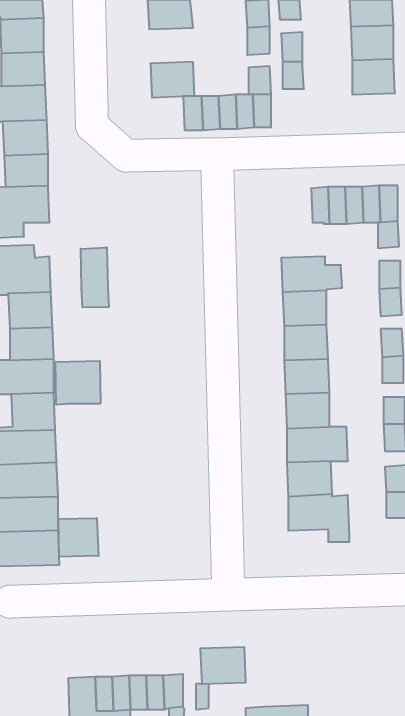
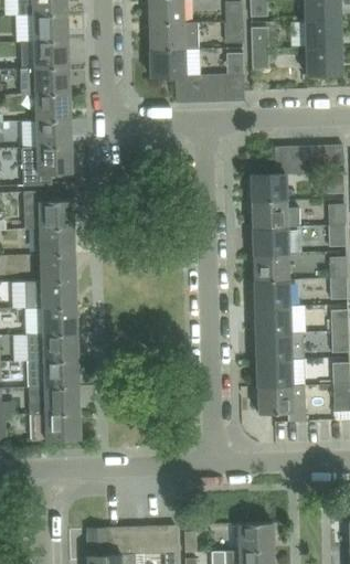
building: none -> [149,22,198,50]
building: none -> [252,173,286,201]
building: [81,247,109,307] -> none
building: [56,361,100,405] -> none
building: [59,518,99,557] -> none
building: [200,647,246,684] -> [237,521,273,550]

